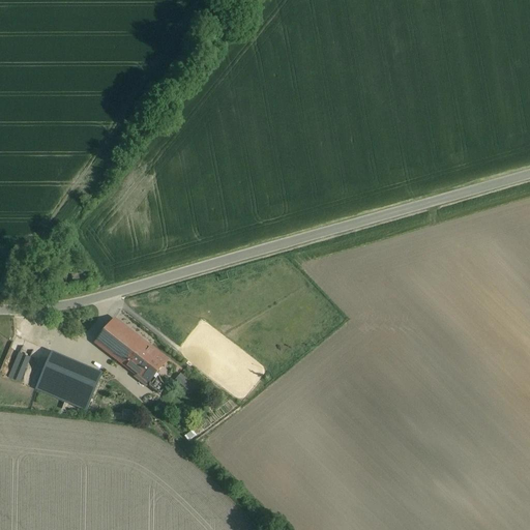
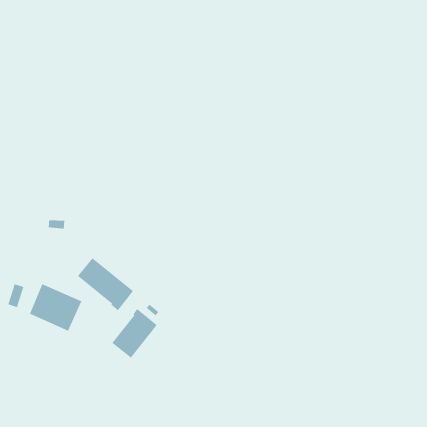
building: none -> [112,308,158,358]

